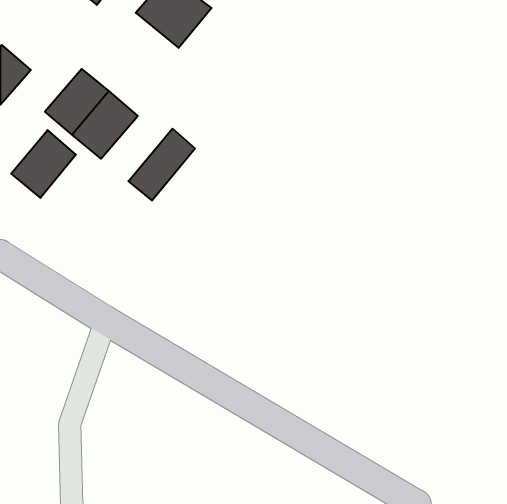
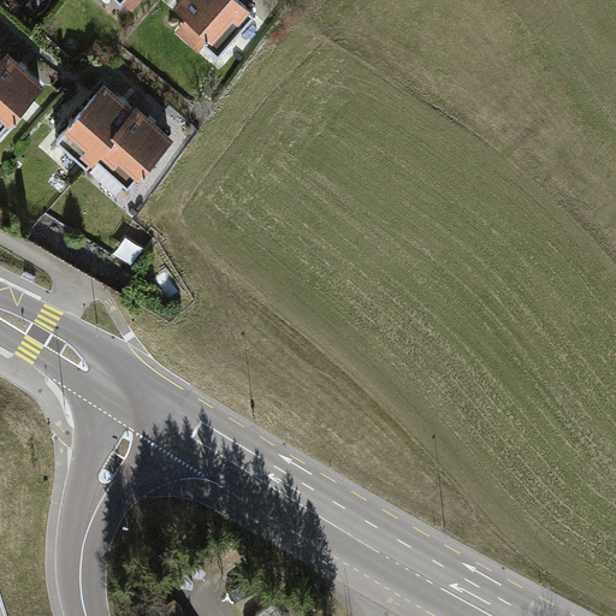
building: [128,129,195,201] -> none
building: [11,130,76,198] -> none

